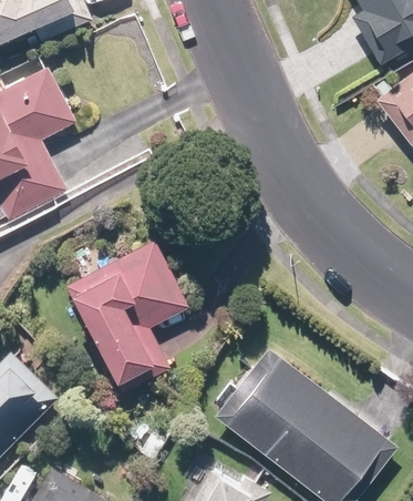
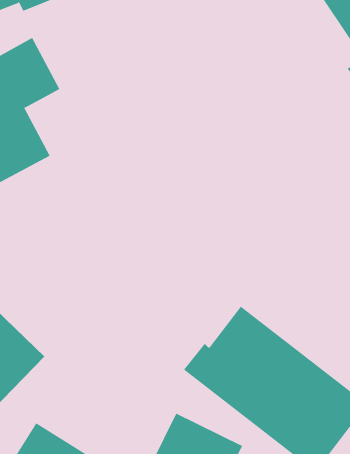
building: [66,239,192,380] -> none

